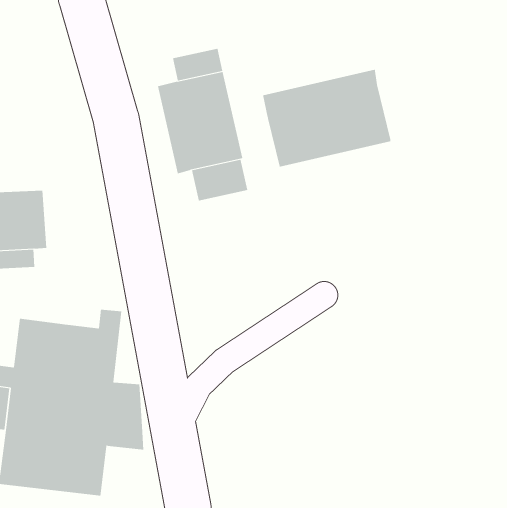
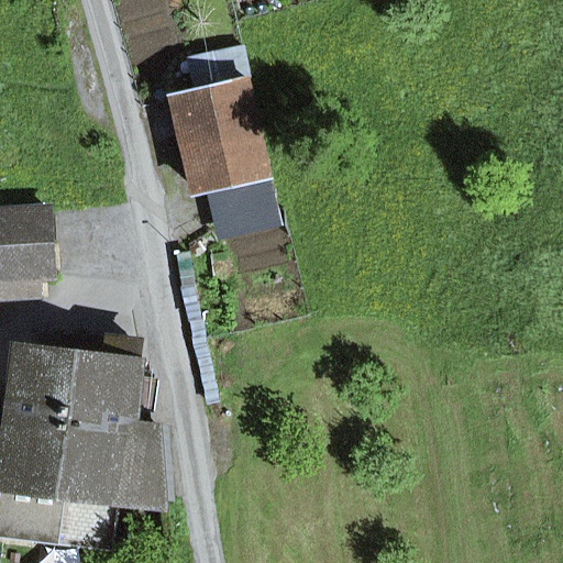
building: [263,69,391,168] -> none

